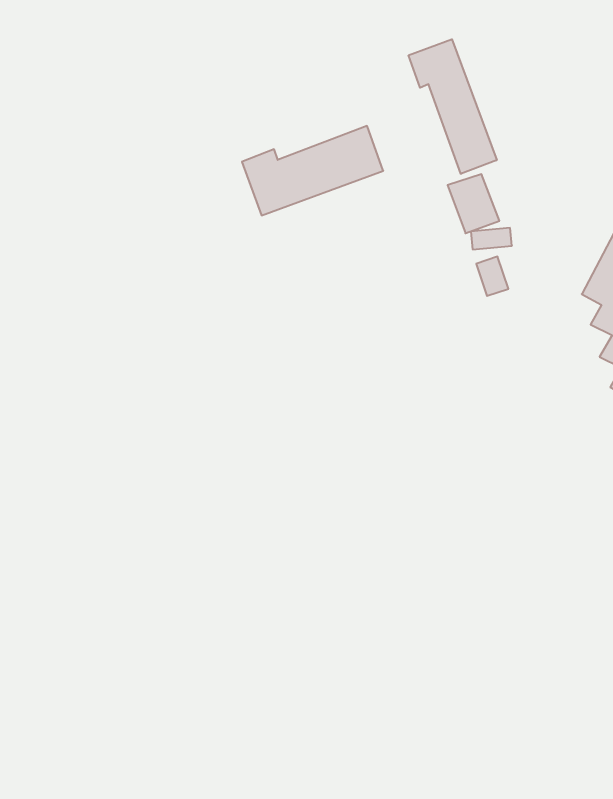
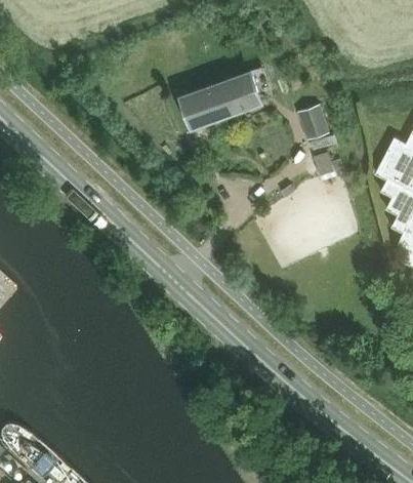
building: [409,39,497,174] -> none

